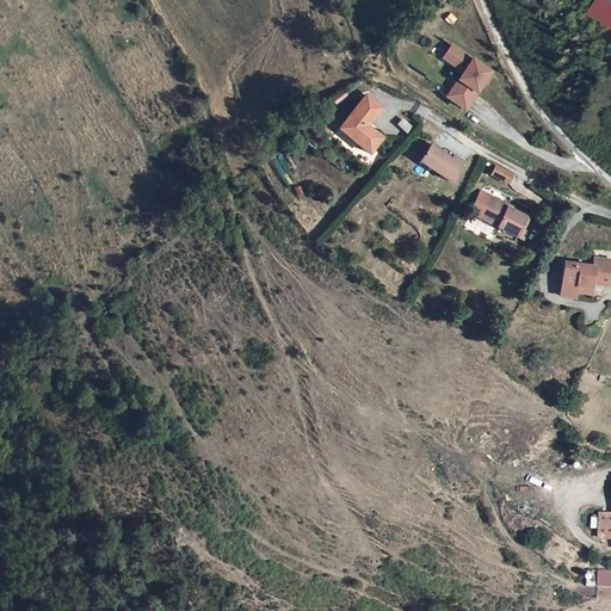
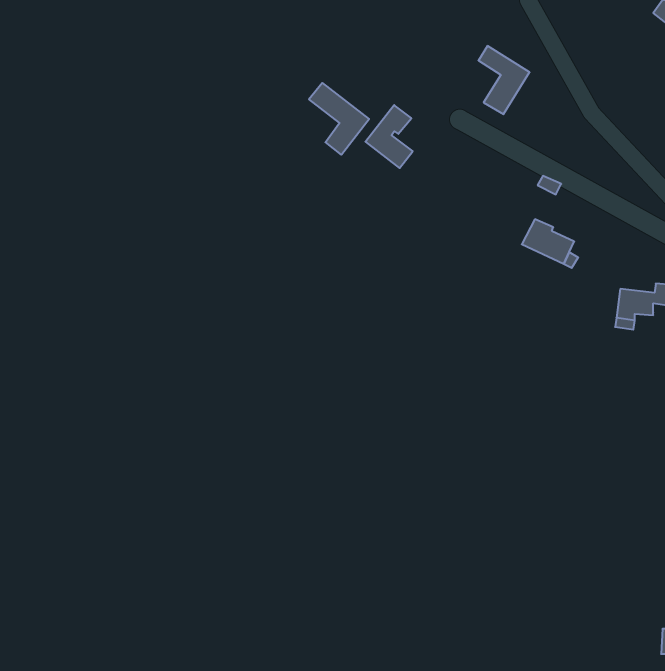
building: none -> [309,83,369,155]
building: [422,142,469,179] -> none

